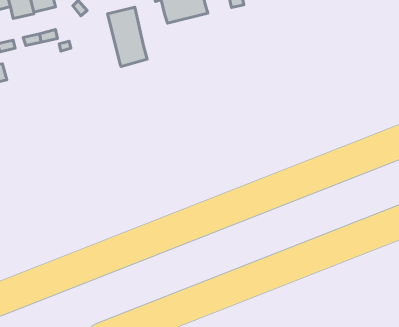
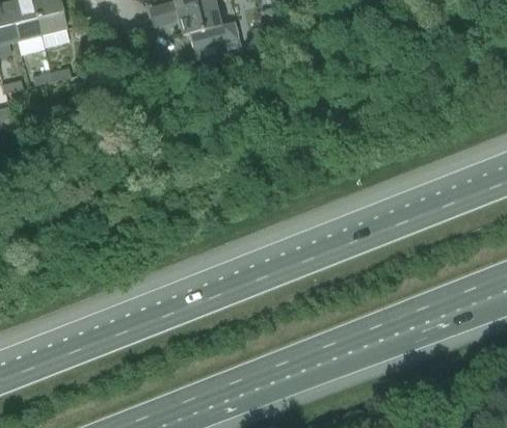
building: [107,7,147,66] -> none

